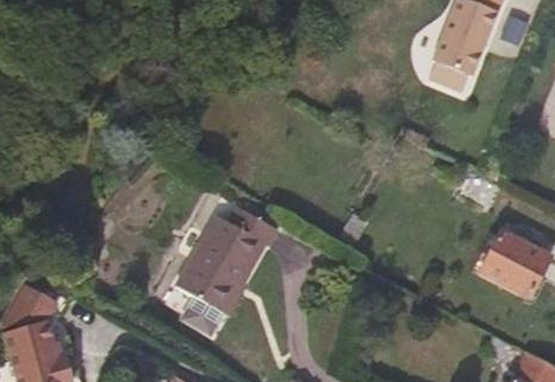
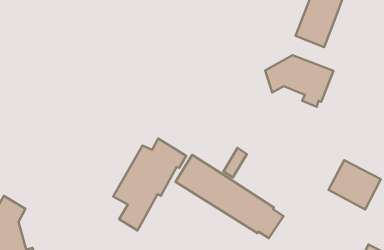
building: none -> [265,55,333,107]
building: none -> [176,155,284,238]

